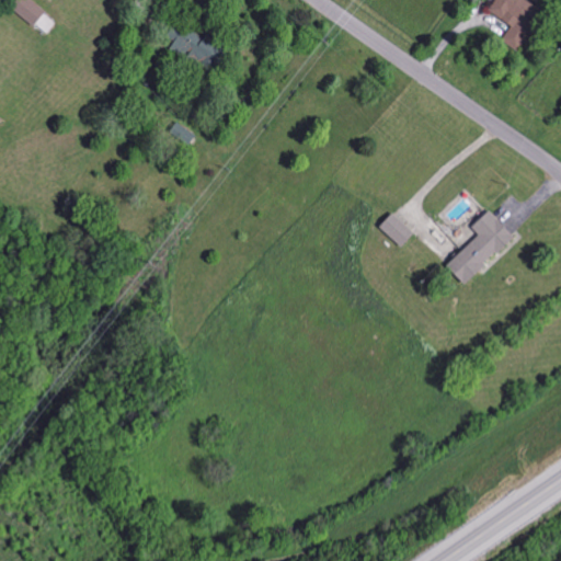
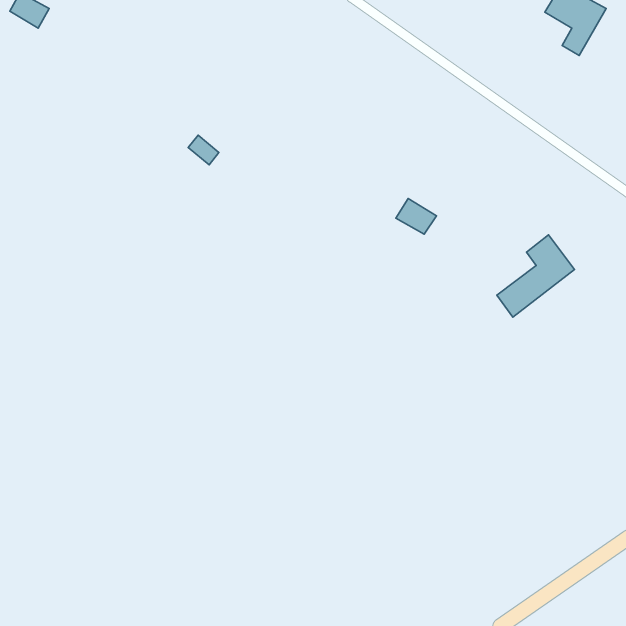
building: [164,20,217,71] -> none
building: [378,213,414,244] -> [396,199,437,234]

